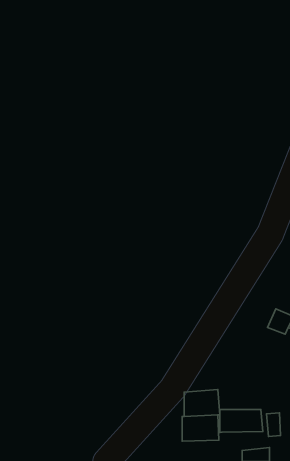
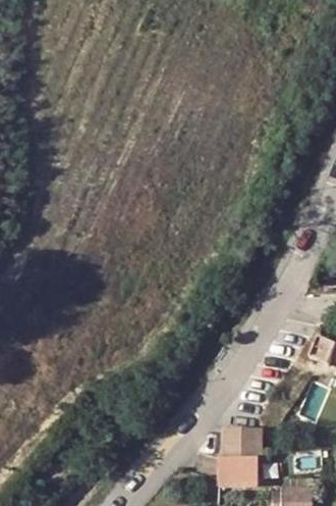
building: [220,409,263,432] -> none

